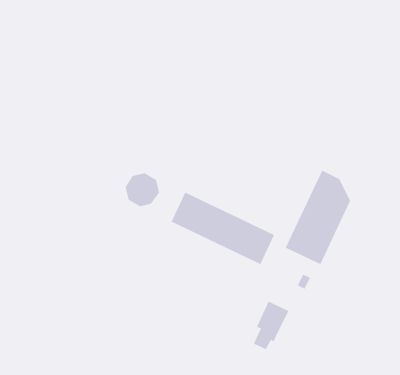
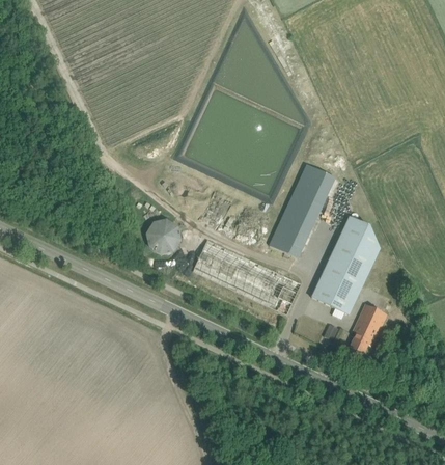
building: none -> [270,163,335,257]
building: [253,301,289,350] -> [350,302,387,353]

